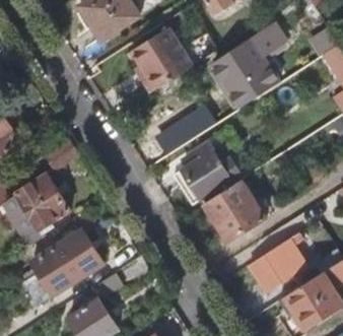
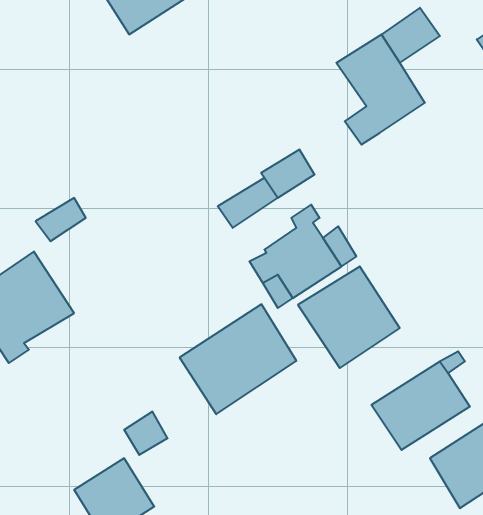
building: [128,29,187,95] -> none
building: [29,227,100,294] -> [180,304,296,414]

